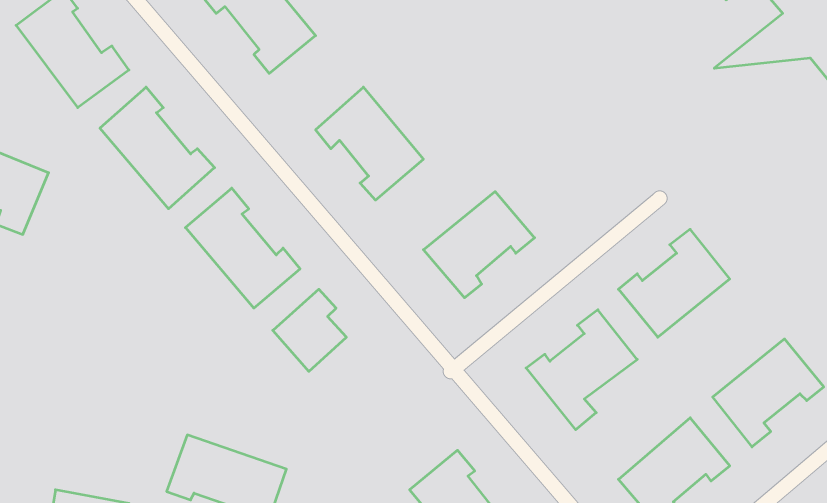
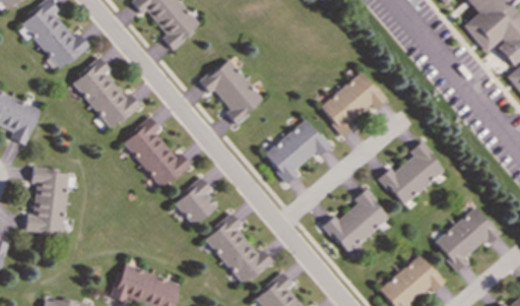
building: none -> [319,71,383,133]
building: none -> [24,167,69,233]
building: none -> [203,212,272,285]

